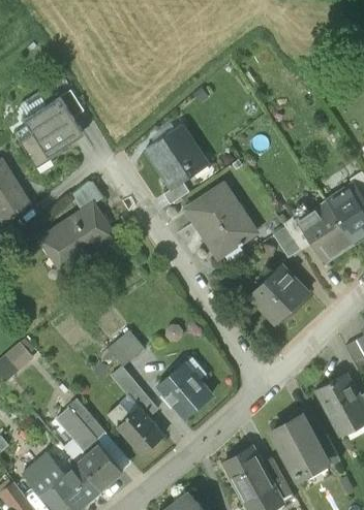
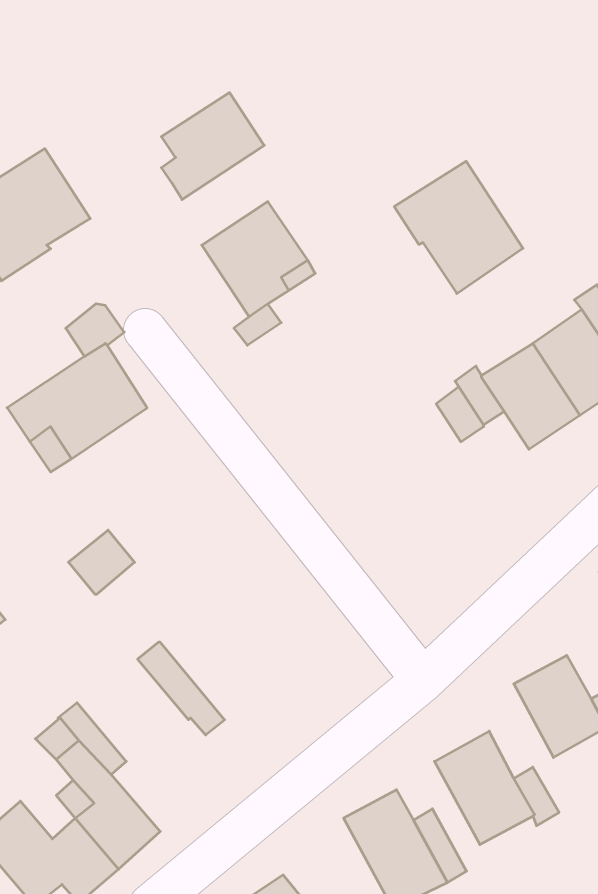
building: none -> [161,93,264,200]
building: [185,185,255,257] -> [394,161,523,294]
building: [248,265,308,324] -> none
building: [108,331,144,366] -> [68,530,135,594]
building: [157,365,212,418] -> none
building: [108,403,164,455] -> none

